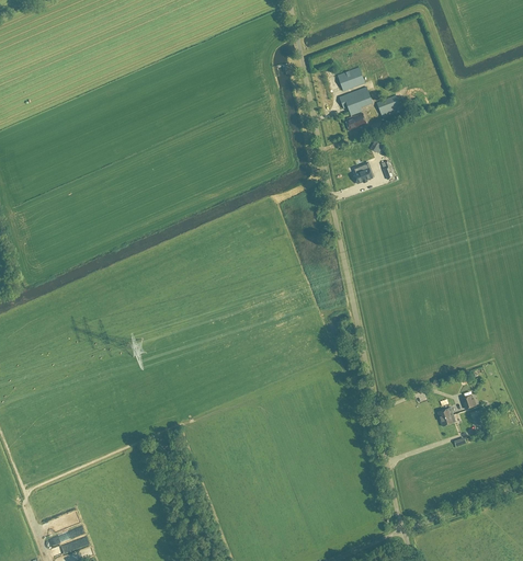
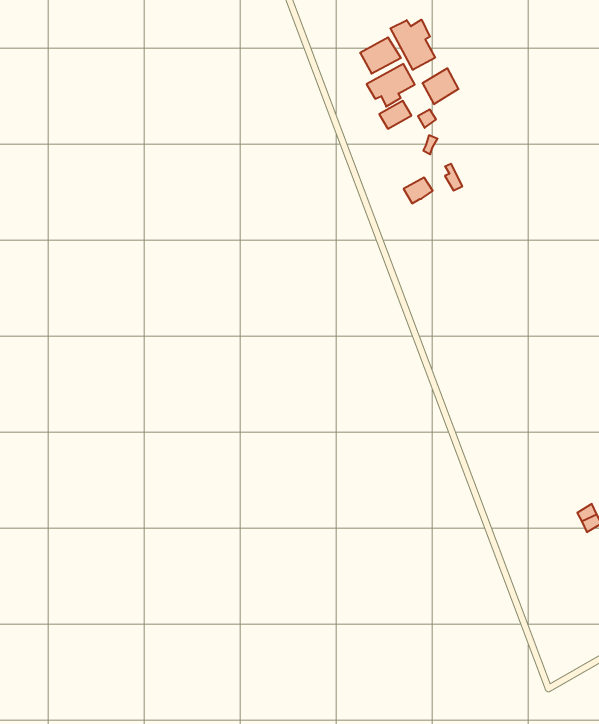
building: none -> [390,20,435,70]

